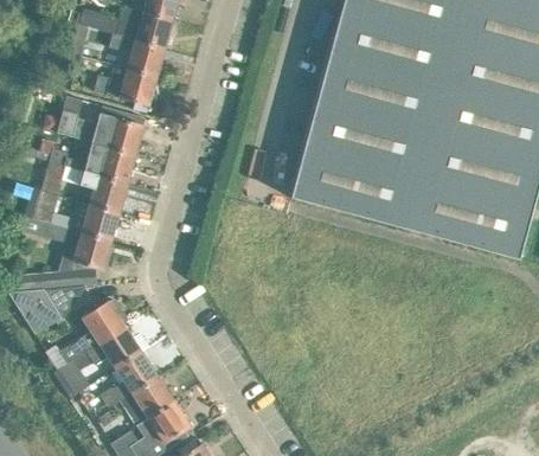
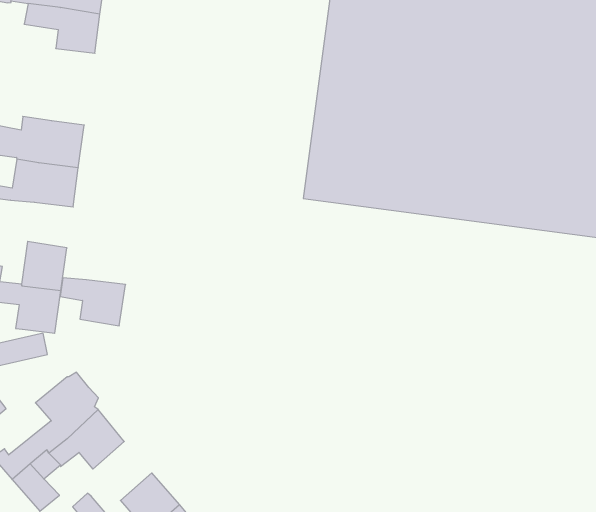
building: [92,68,156,105] -> none
building: [79,171,127,210] -> [60,278,126,326]
building: [116,352,158,393] -> none

